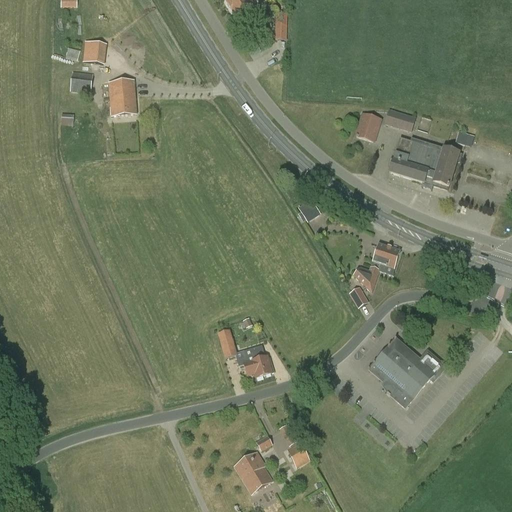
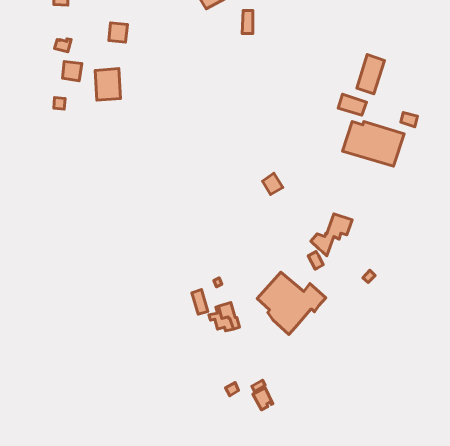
building: [84,40,105,62] -> [109,23,127,42]
building: none -> [357,55,384,94]
building: [354,111,382,141] -> none
building: [368,337,446,408] -> [257,272,326,335]
building: [235,451,272,492] -> none

